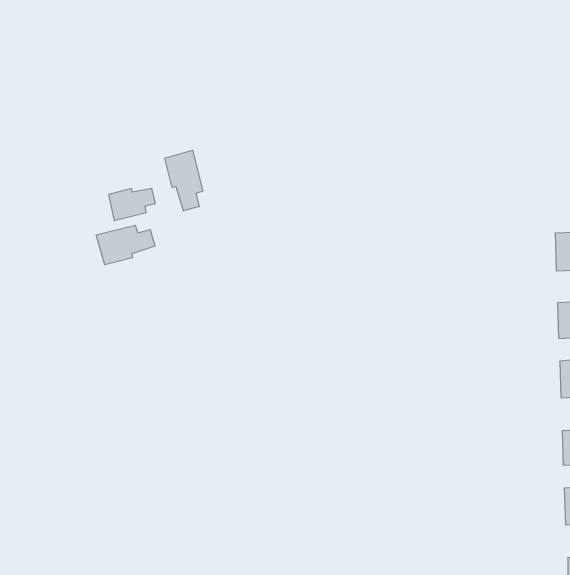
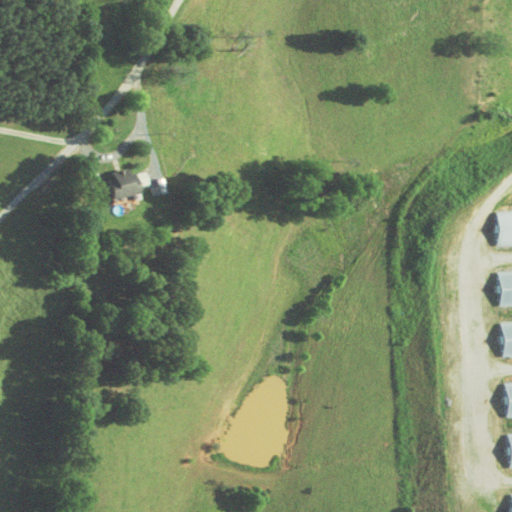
building: [165,150,203,211] -> none
building: [96,225,155,265] -> none

